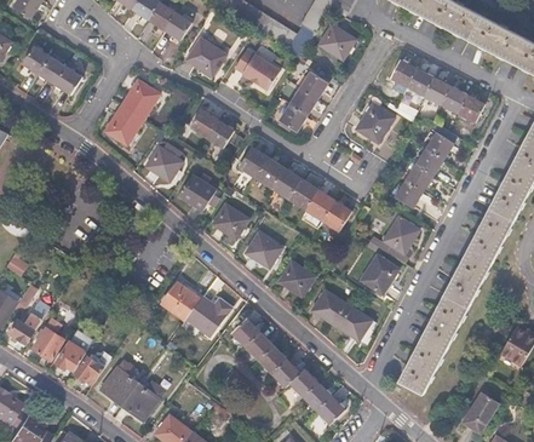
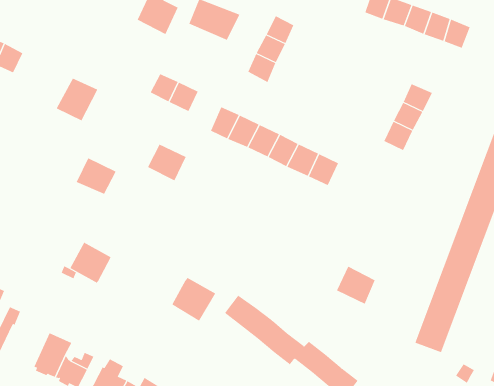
building: [122,79,160,117] -> none
building: [356,103,394,143] -> none
building: [421,125,458,159] -> none
building: [145,144,183,179] -> [76,158,116,195]
building: [213,201,251,237] -> none
building: [381,216,418,254] -> none
building: [243,231,281,268] -> none
building: [360,256,398,294] -> none
building: [277,260,314,295] -> none
building: [161,281,200,320] -> [70,242,111,283]
building: [311,289,348,325] -> none
building: [31,317,63,358] -> none

